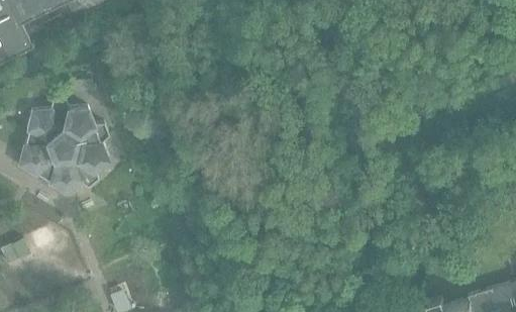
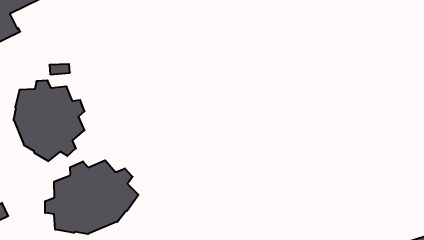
building: none -> [45,160,138,234]

